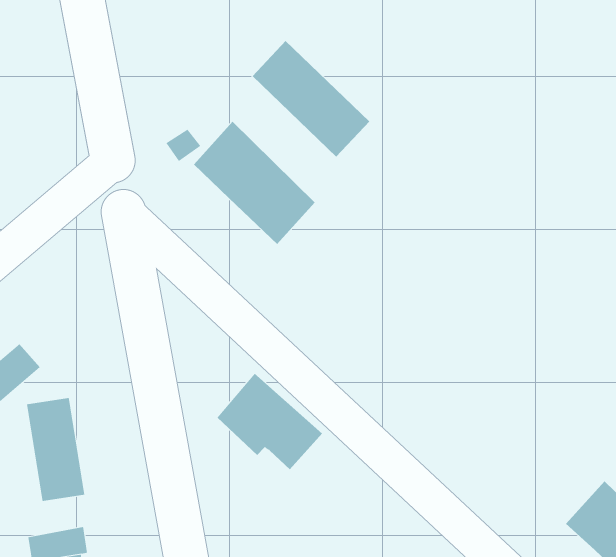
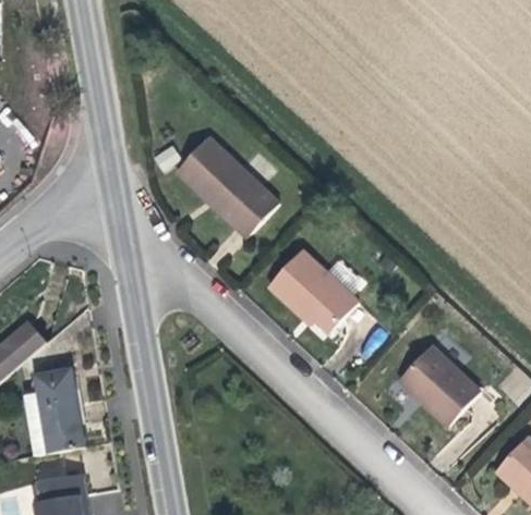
building: [252,40,370,158] -> none
building: [216,373,323,470] -> [268,250,357,331]
building: none -> [398,344,476,424]

